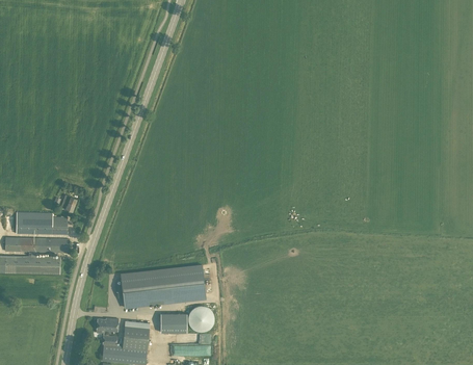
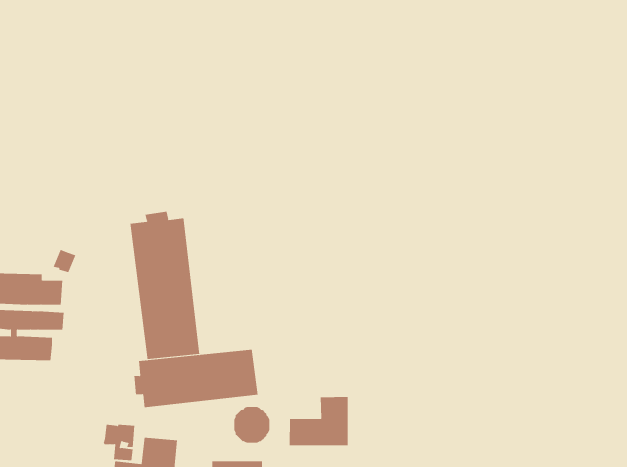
building: none -> [130,211,200,360]
building: none -> [289,396,348,446]
building: [161,312,187,332] -> none

